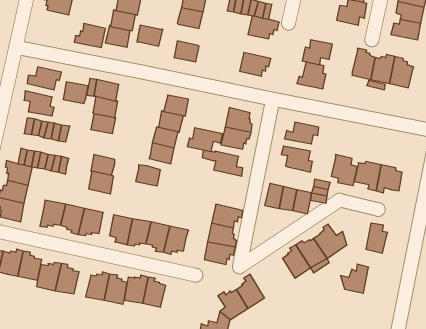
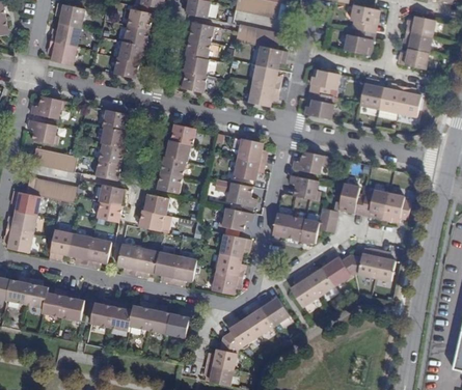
building: [74,23,106,47] -> [46,39,77,63]
building: [137,25,163,46] -> [183,54,209,75]
building: none -> [251,64,280,88]
building: [63,82,88,104] -> [96,159,120,180]
building: [187,128,223,152] -> [213,205,248,229]
building: none -> [138,210,163,232]
building: [340,264,369,293] -> [350,249,378,278]
building: none -> [257,297,289,327]
building: none -> [168,311,192,340]

